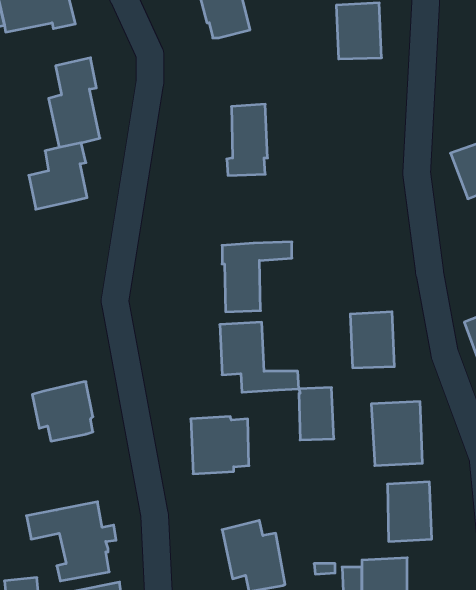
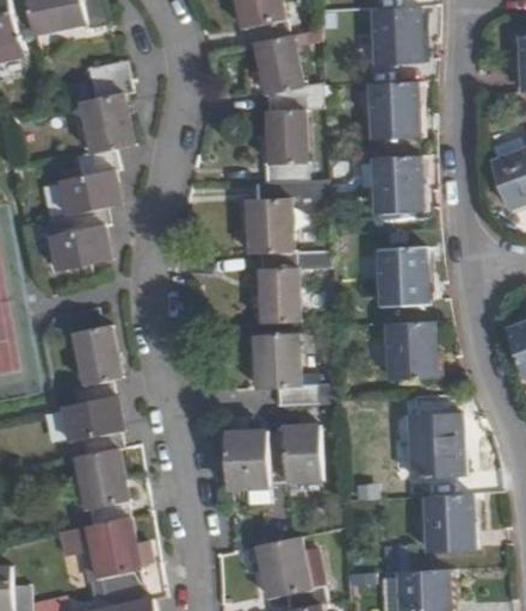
building: none -> [254,32,304,112]
building: none -> [371,82,419,138]
building: none -> [375,155,420,211]
building: none -> [247,180,327,254]
building: none -> [47,209,110,273]
building: none -> [378,248,425,307]
building: none -> [73,326,123,403]
building: [299,388,334,440] -> [284,426,320,480]
building: none -> [72,448,130,525]

